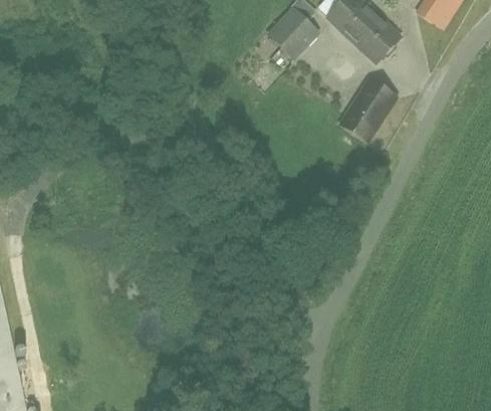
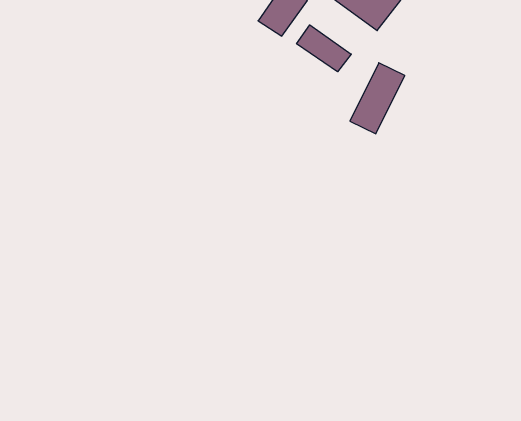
building: none -> [297,25,351,72]

